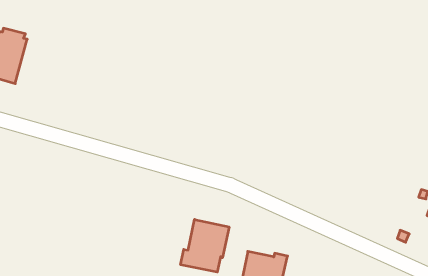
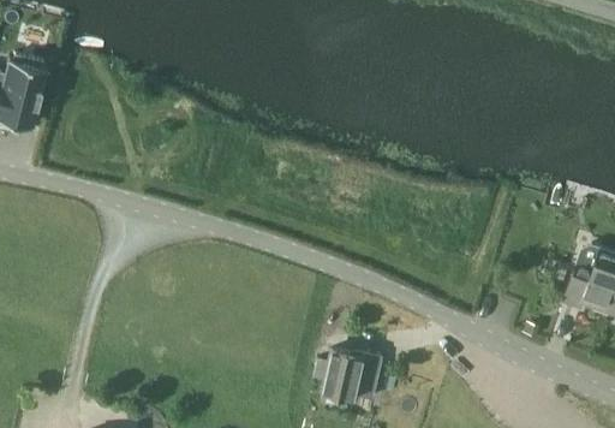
building: [181,219,229,272] -> none

